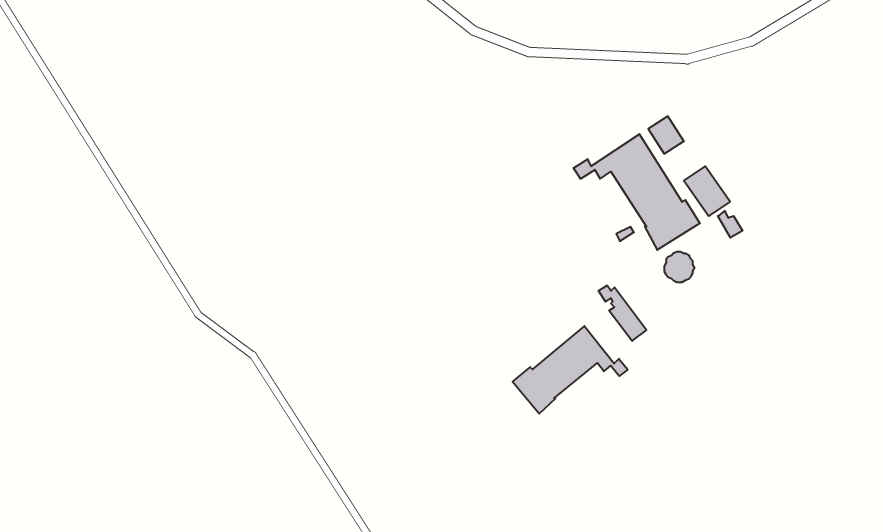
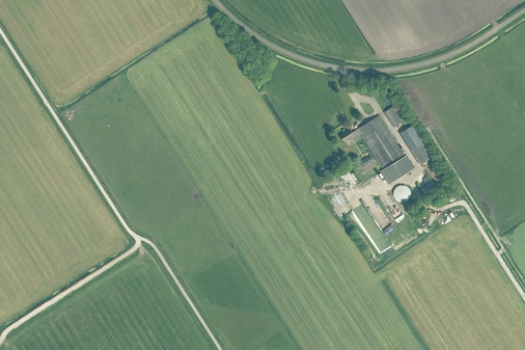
building: [513,326,628,414] -> none

